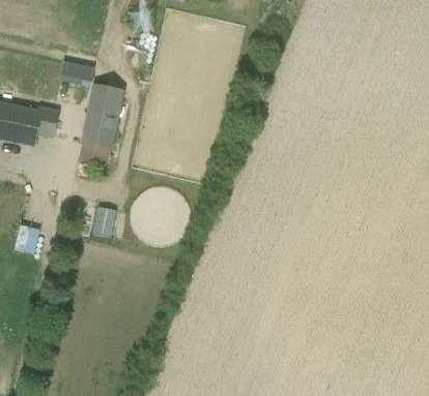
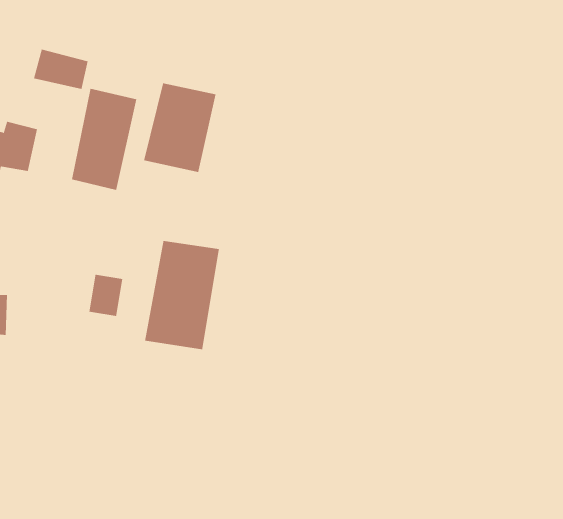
building: none -> [144,83,216,173]
building: none -> [144,240,220,350]

